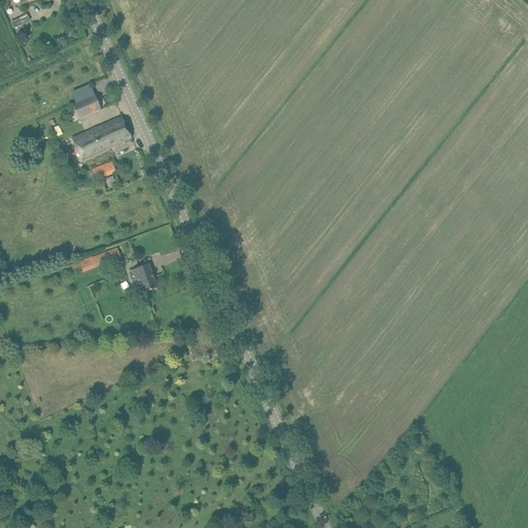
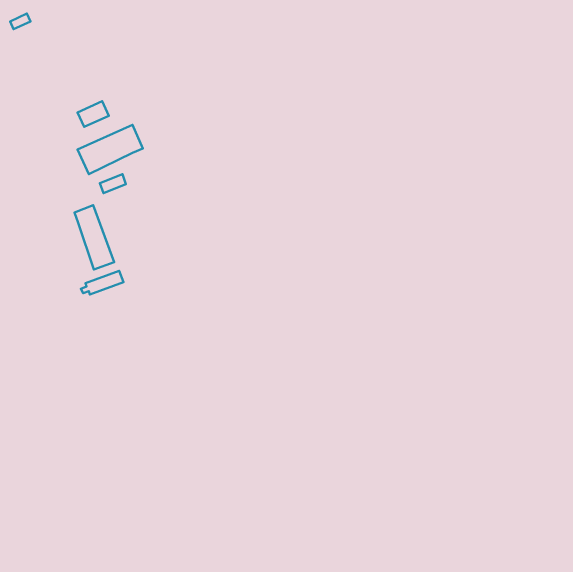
building: none -> [74,205,114,269]
building: [131,262,158,293] -> none

